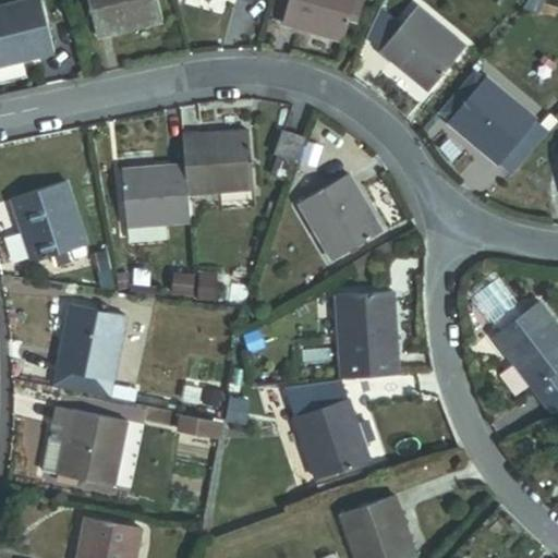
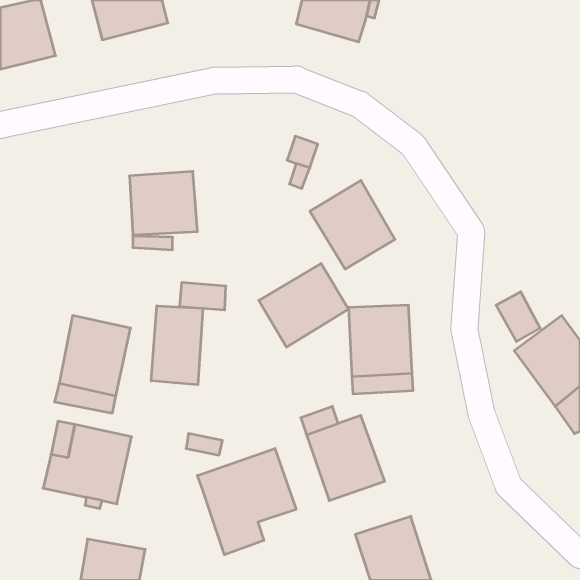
building: [379,5,465,90] -> none
building: [449,78,536,165] -> none
building: [184,132,254,193] -> none
building: [13,181,87,262] -> none
building: none -> [259,263,349,347]
building: none -> [151,306,203,385]
building: none -> [197,448,296,555]

